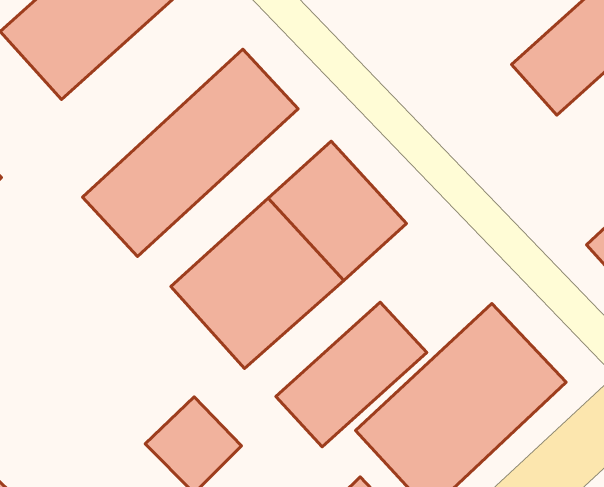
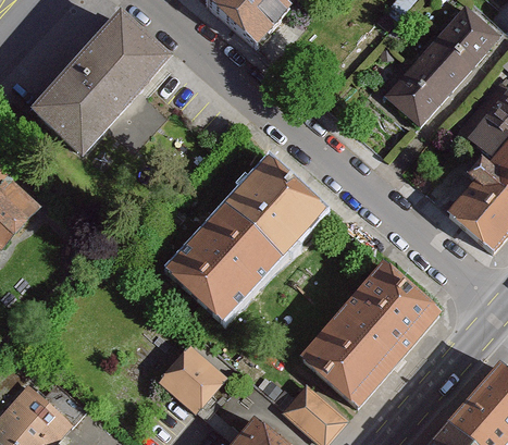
building: [82,49,298,257] -> none
building: [276,302,427,447] -> none

